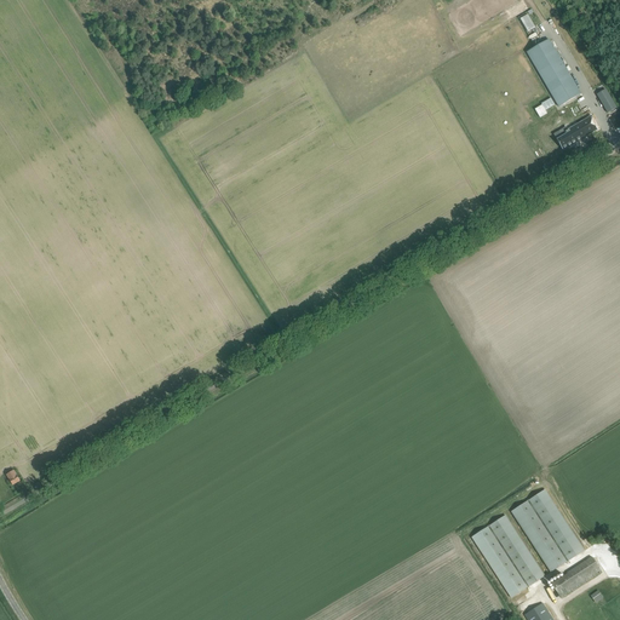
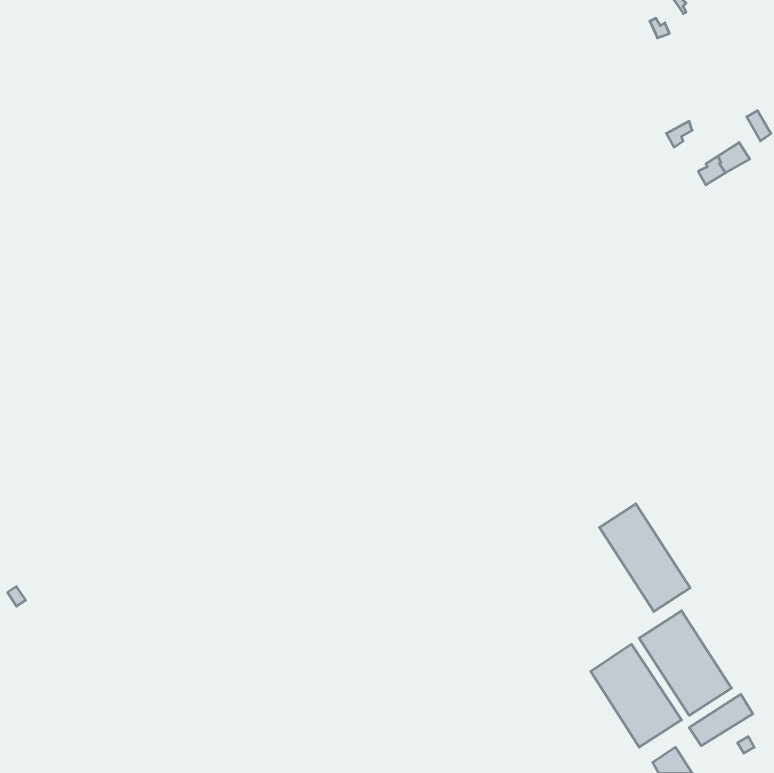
building: [528,39,581,105] -> none
building: none -> [599,504,690,612]

